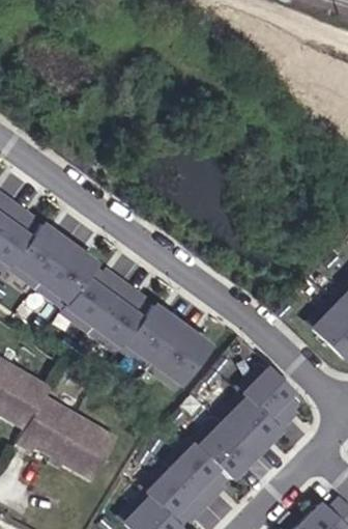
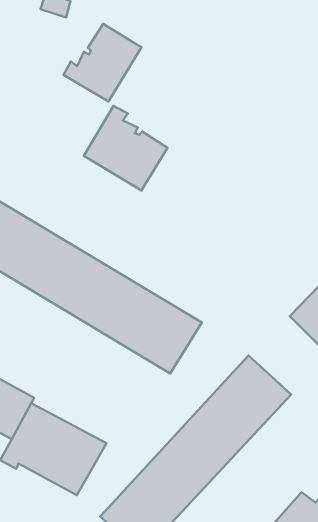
building: none -> [64,24,141,102]
building: none -> [84,106,168,190]

